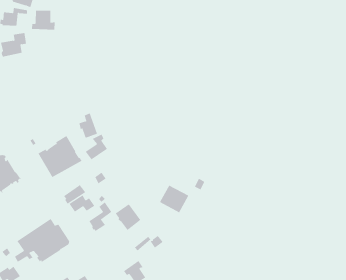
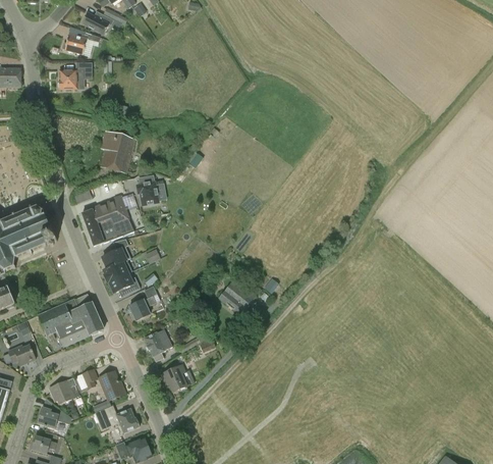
building: [32,10,55,31] -> none
building: none -> [101,132,135,173]
building: [85,134,108,162] -> [101,239,129,270]
building: [115,204,141,231] -> [144,329,174,362]

